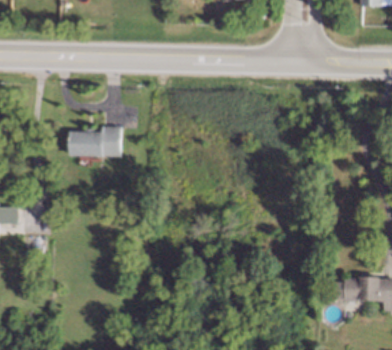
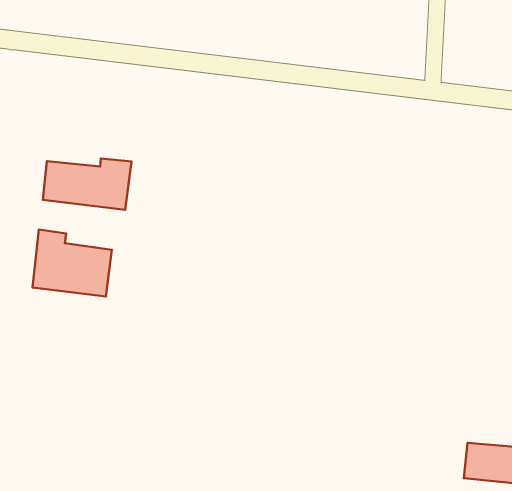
building: none -> [33,229,112,296]

